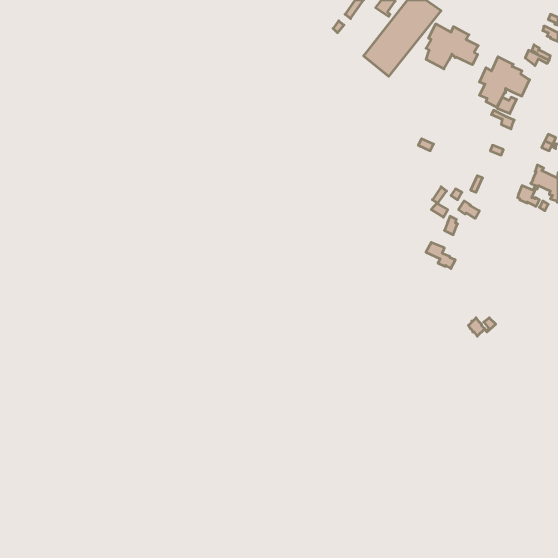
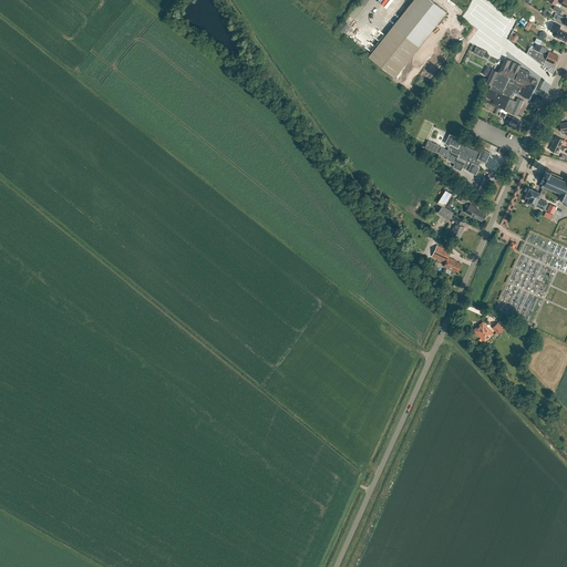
building: [426,24,478,69] -> none
building: none -> [446,134,489,174]

